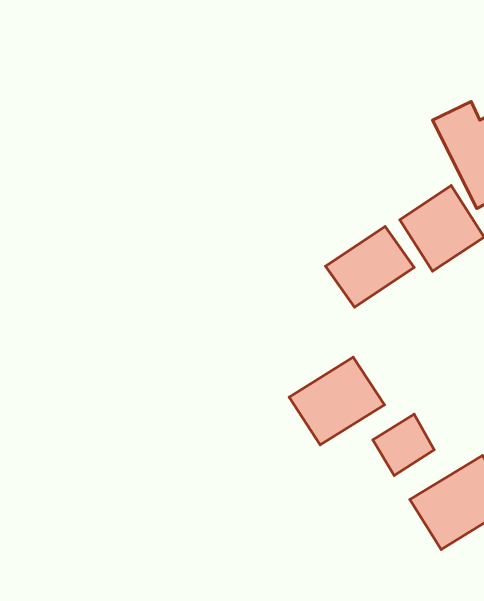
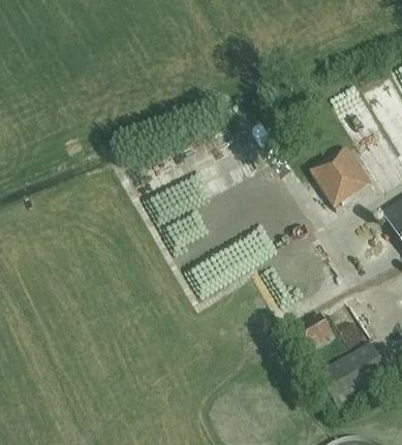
building: [326,227,414,307] -> none
building: [289,357,384,445] -> none

